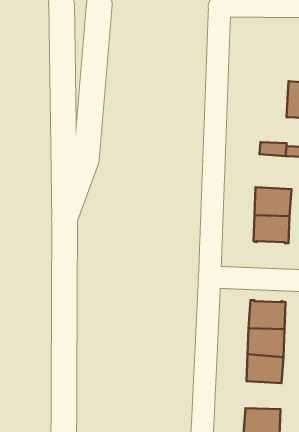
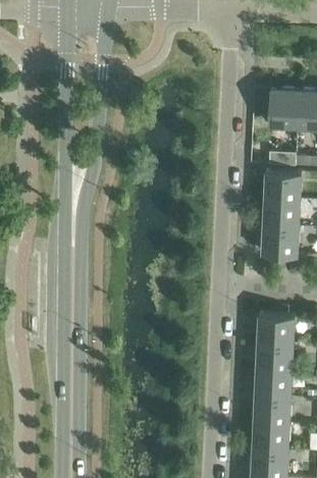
building: none -> [268,90,298,127]
building: none -> [264,171,302,201]
building: none -> [254,396,290,425]

